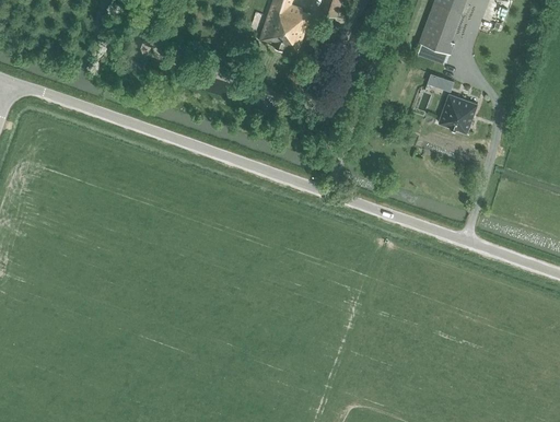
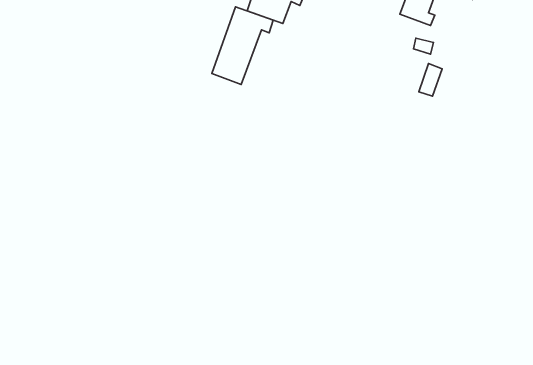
building: none -> [212,7,273,85]
building: [453,99,478,133] -> none

